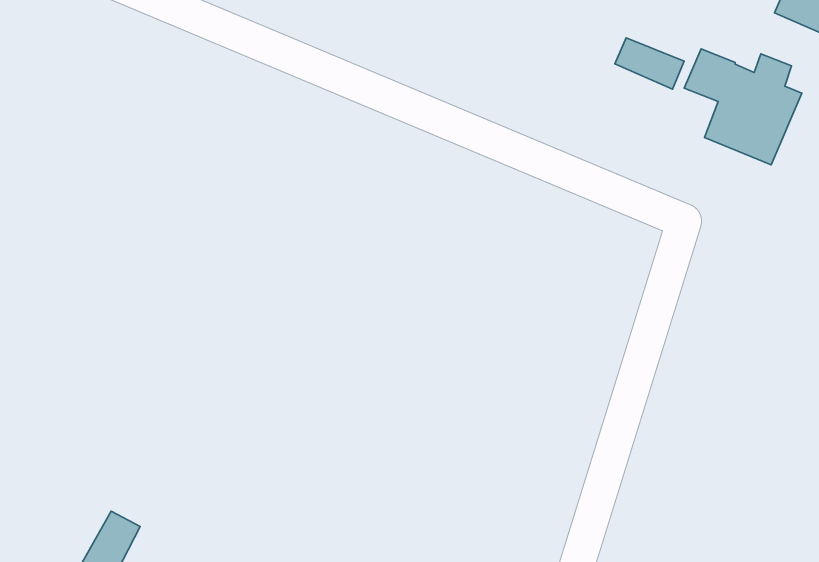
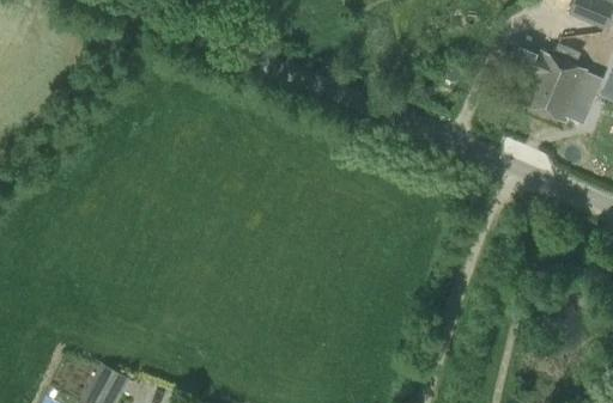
building: [615,38,684,89] -> none

